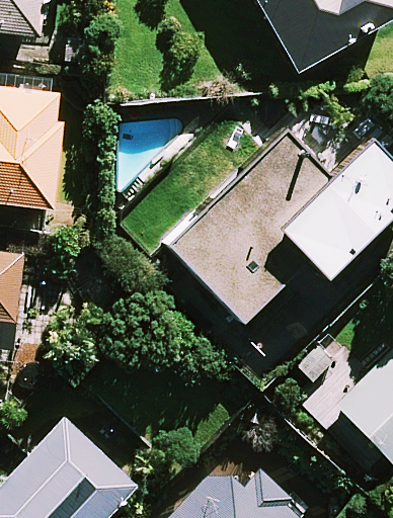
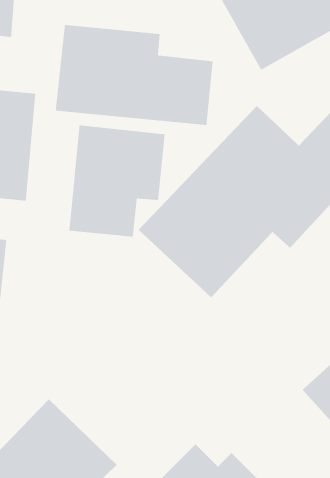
building: none -> [55,24,214,126]
building: none -> [69,125,165,238]

